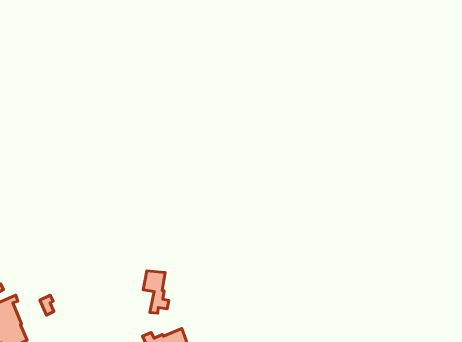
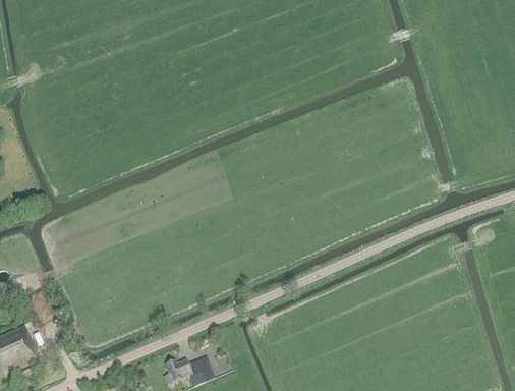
building: [143,271,169,313] -> none

